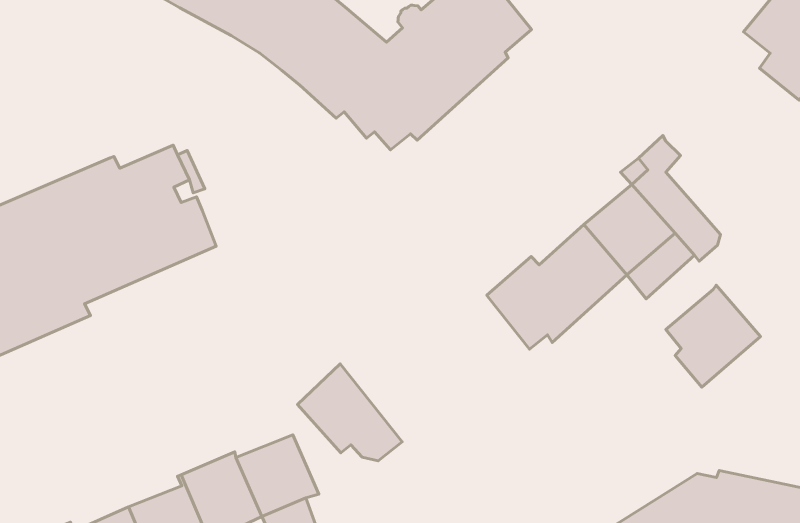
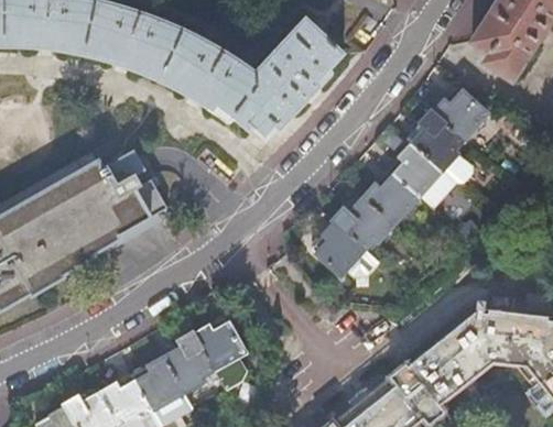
building: none -> [432,87,485,153]
building: [666,285,760,387] -> none
building: [297,364,402,461] -> [312,220,378,276]

